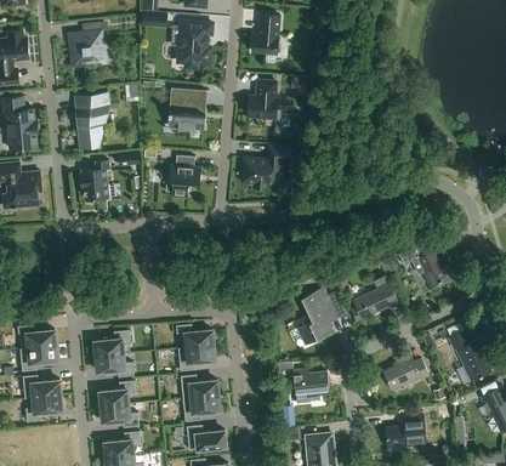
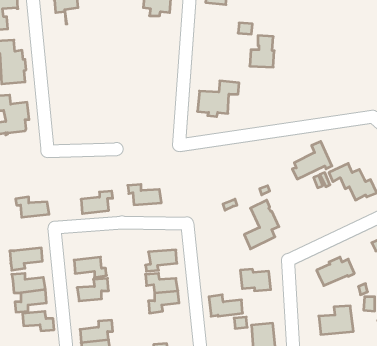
building: [248,80,277,118] -> [250,36,274,67]
building: [163,87,205,131] -> none
building: [74,92,109,149] -> none
building: [169,155,200,198] -> none
building: [79,160,114,200] -> none
building: [351,275,398,320] -> [292,141,332,179]
building: [16,324,56,348] -> [16,197,49,217]
building: [176,325,216,350] -> [128,184,161,205]
building: [93,333,131,359] -> [81,191,113,214]
building: [101,405,138,428] -> [23,311,54,331]
building: [186,425,226,450] -> [209,295,243,316]

